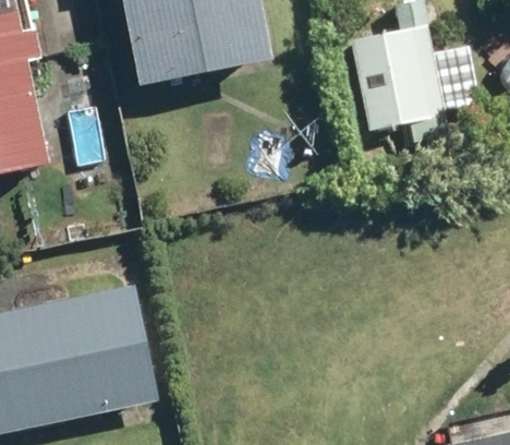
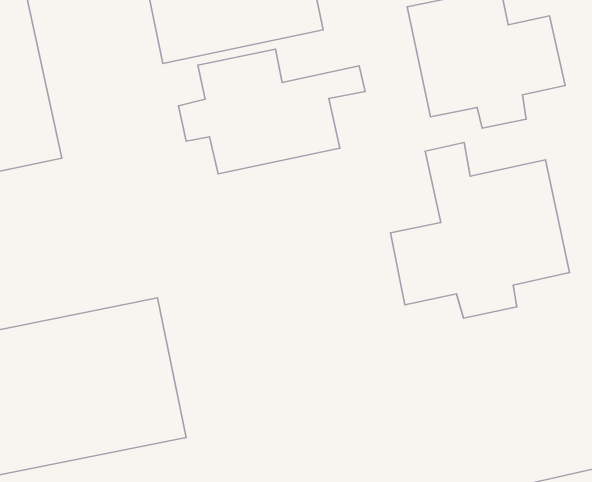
building: none -> [178,49,365,174]
building: none -> [390,143,569,318]

